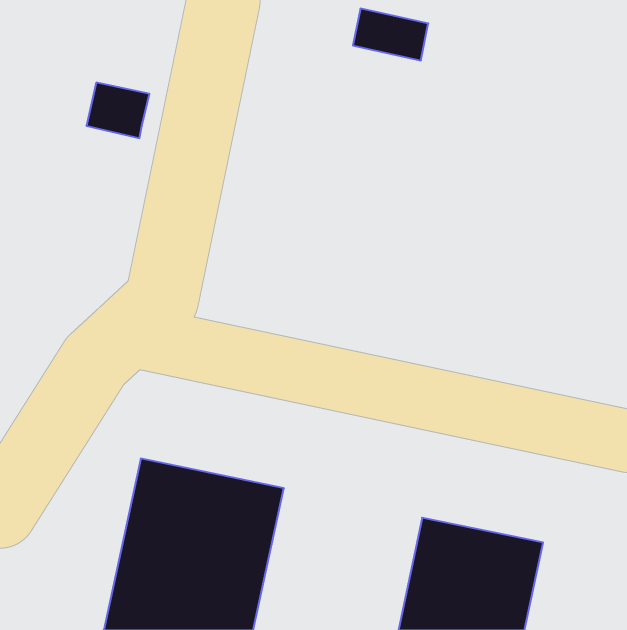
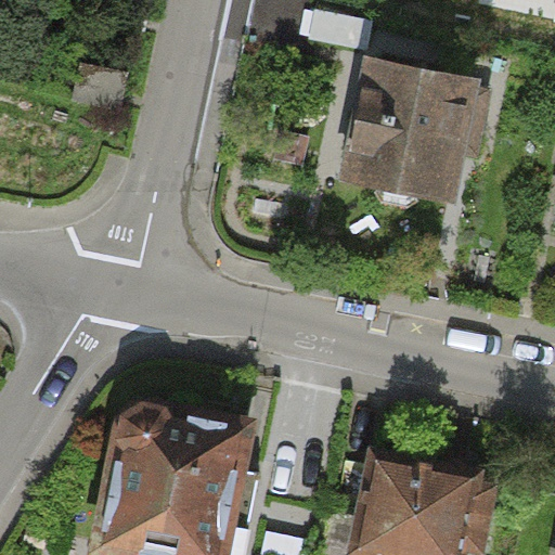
building: none -> [344,66,481,208]

